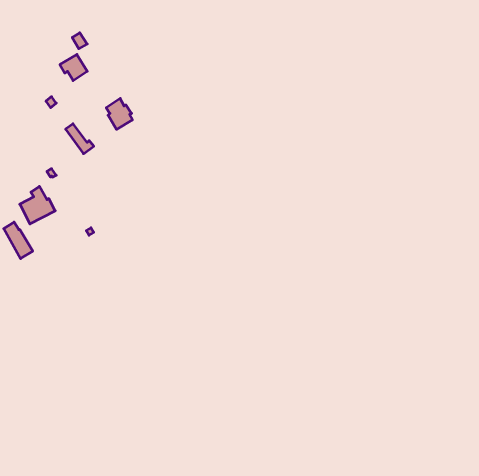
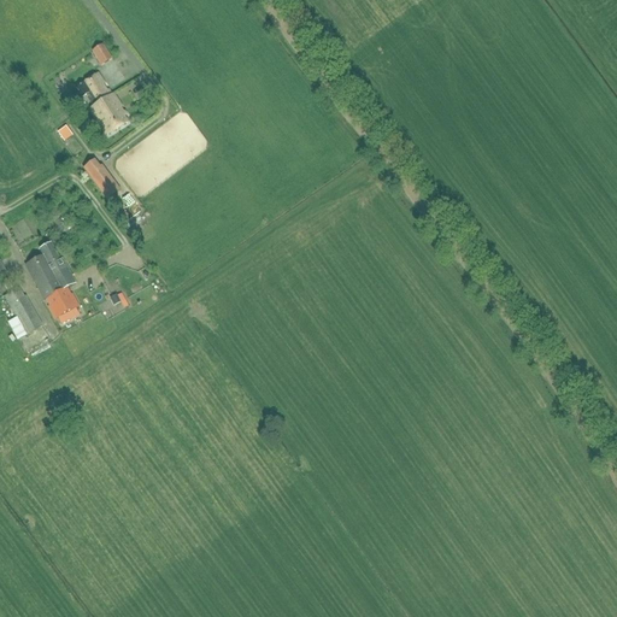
building: [106,98,132,129] -> [94,92,128,131]
building: none -> [39,271,80,322]

